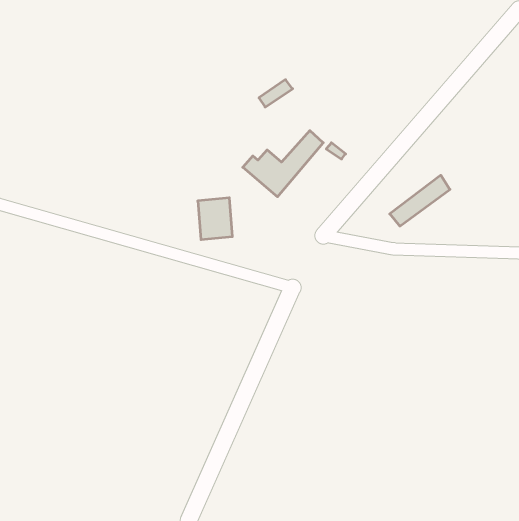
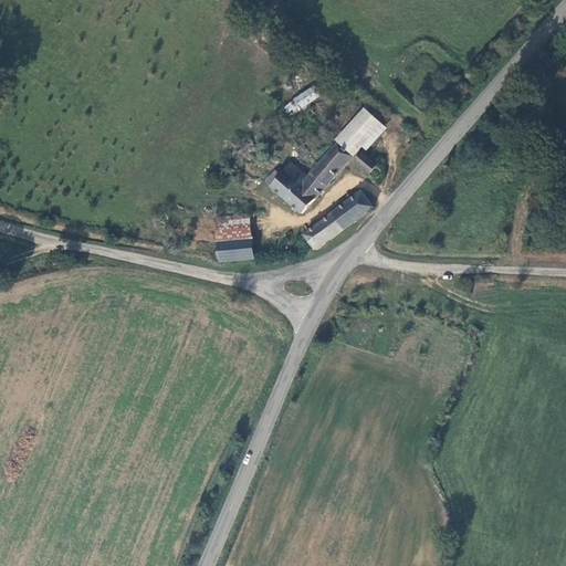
building: none -> [334,108,378,155]
building: [390,175,450,226] -> [305,192,370,248]

